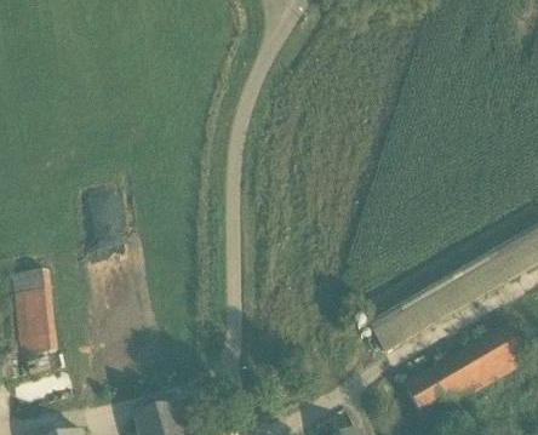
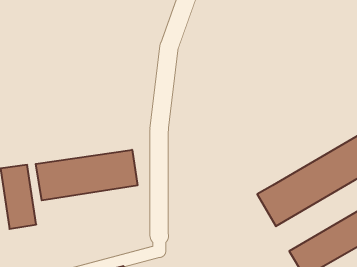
building: none -> [36,150,137,200]

